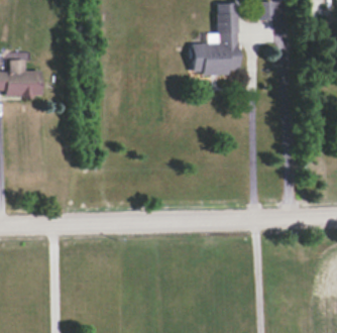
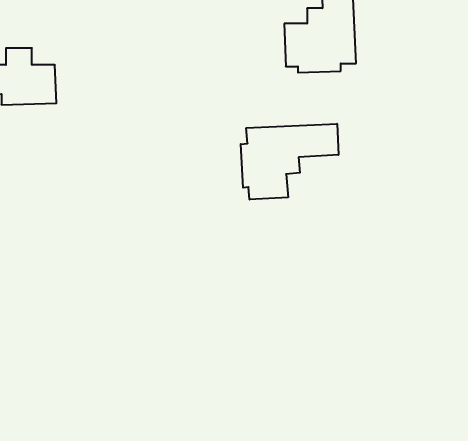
building: none -> [241,124,338,200]

